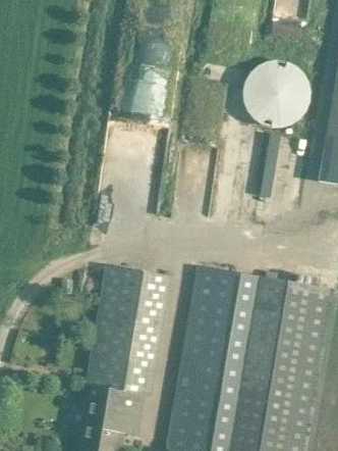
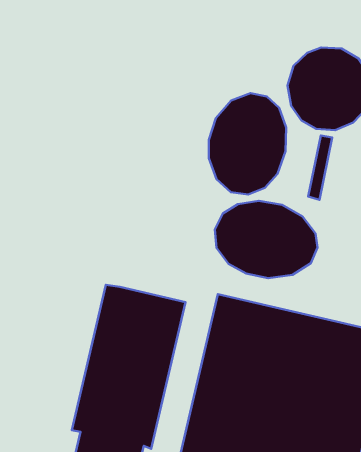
building: none -> [209,93,286,195]
building: none -> [215,201,318,278]

